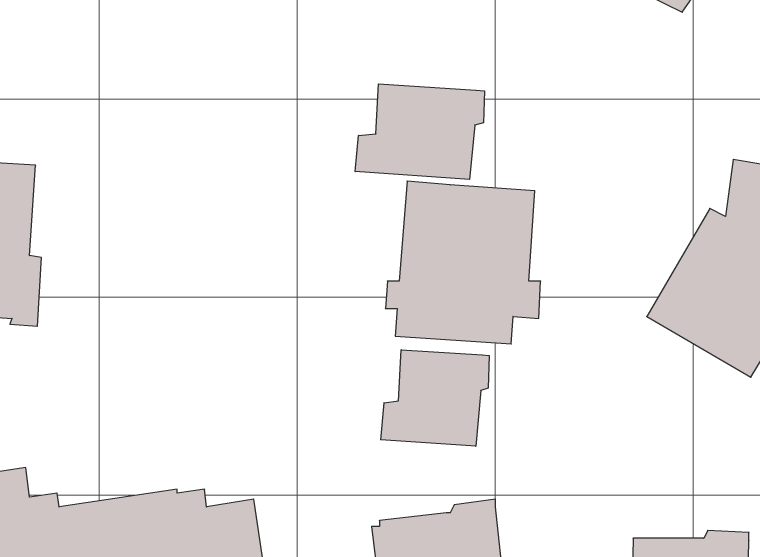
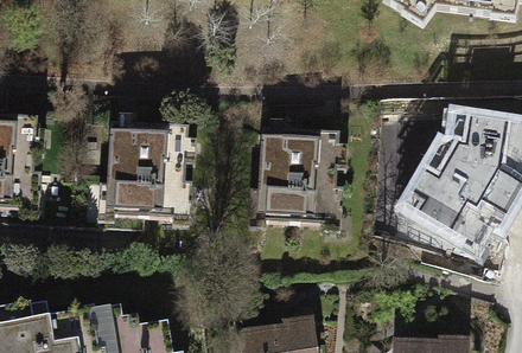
building: [355,84,484,179] -> none
building: none -> [97,118,191,216]
building: [381,350,489,446] -> none

